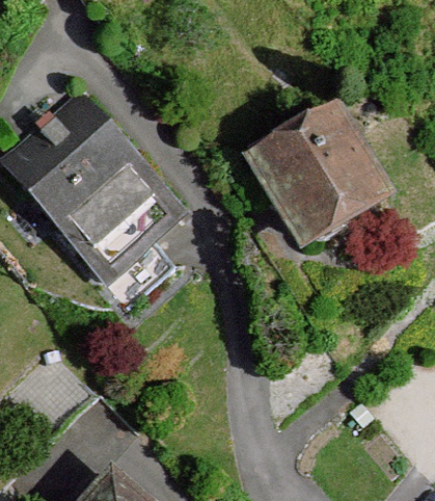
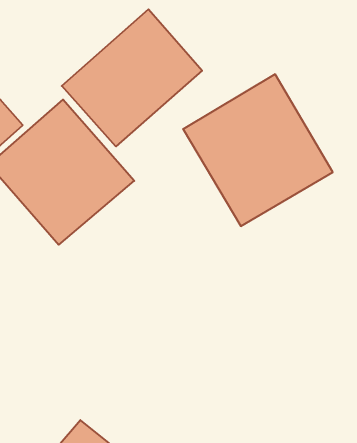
building: none -> [62,9,202,146]

